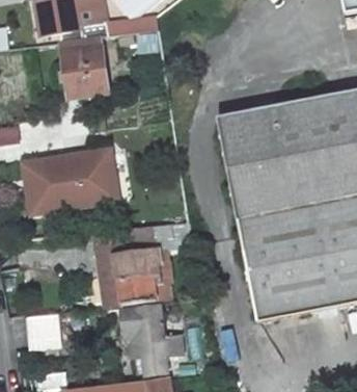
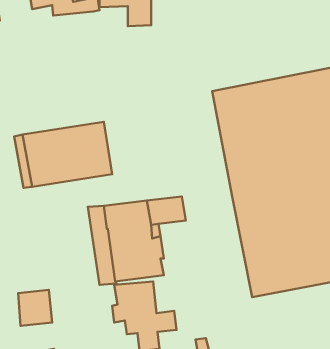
building: [60,37,107,97] -> none

